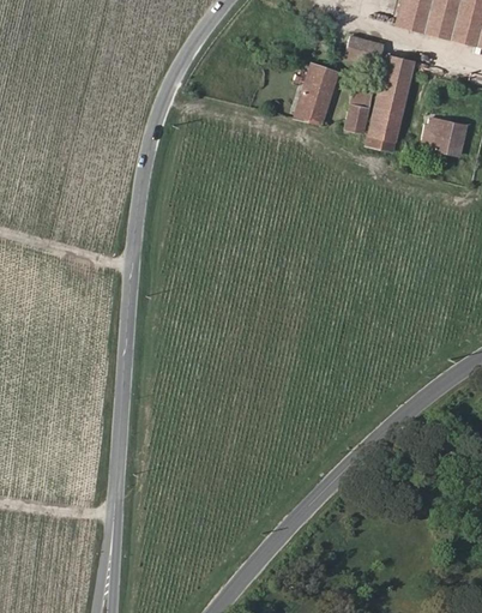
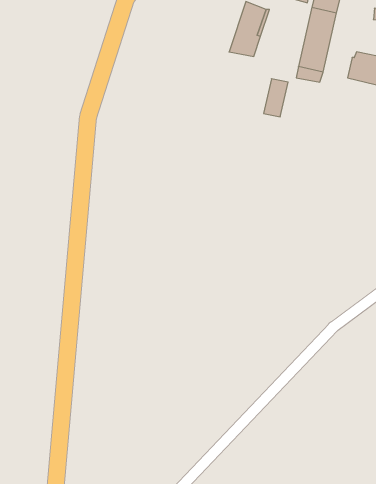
building: [345,91,372,132] -> [264,79,288,117]

